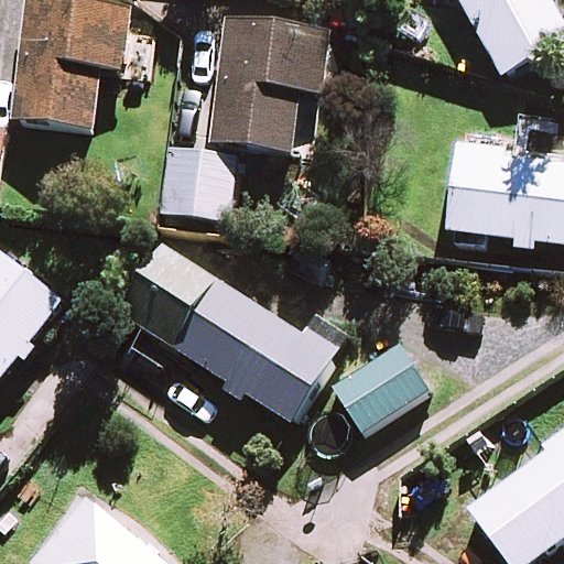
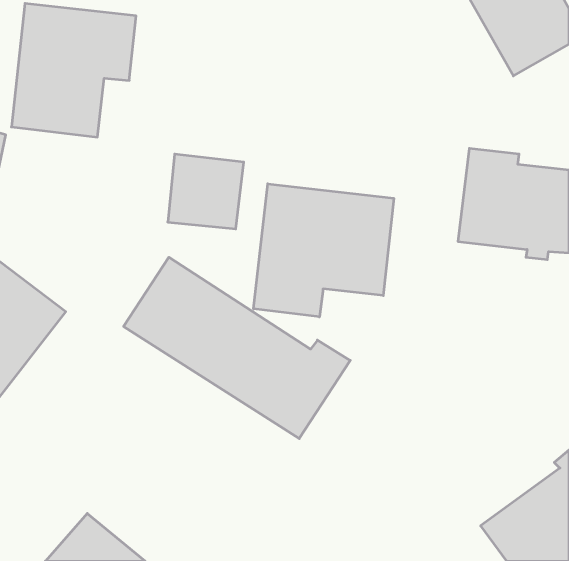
building: [210,22,330,155] -> none
building: none -> [254,184,394,317]
building: [333,346,427,434] -> none

